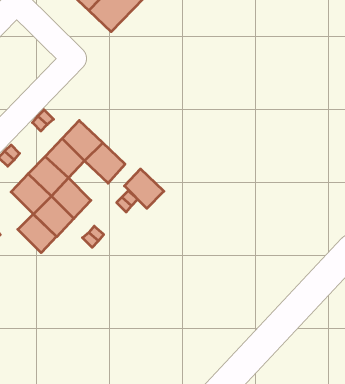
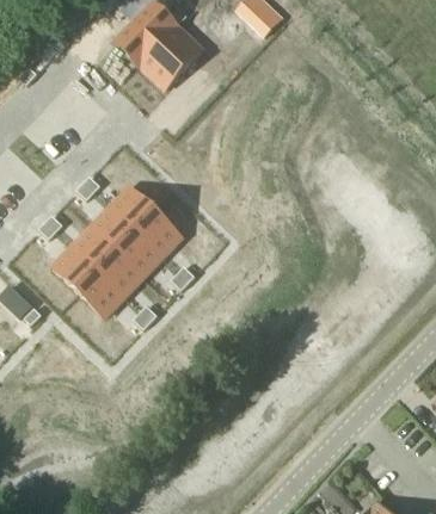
building: [124,169,164,208] -> [118,231,162,275]
building: [18,214,57,253] -> none

